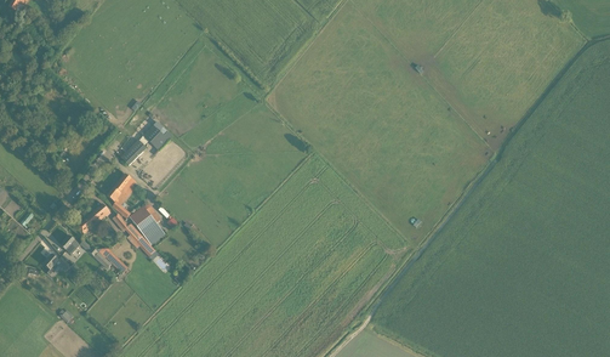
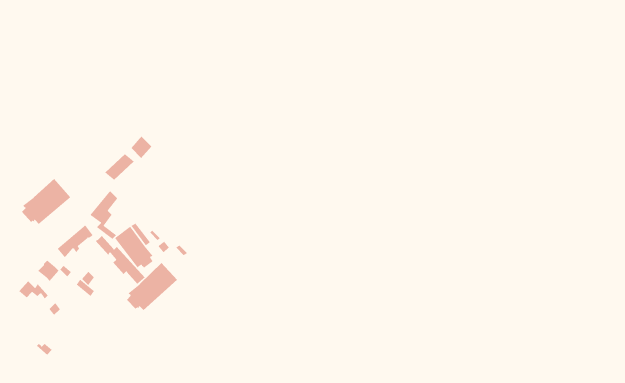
building: none -> [21,178,71,225]
building: none -> [126,262,178,311]

